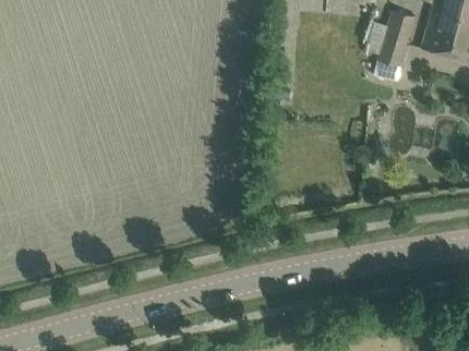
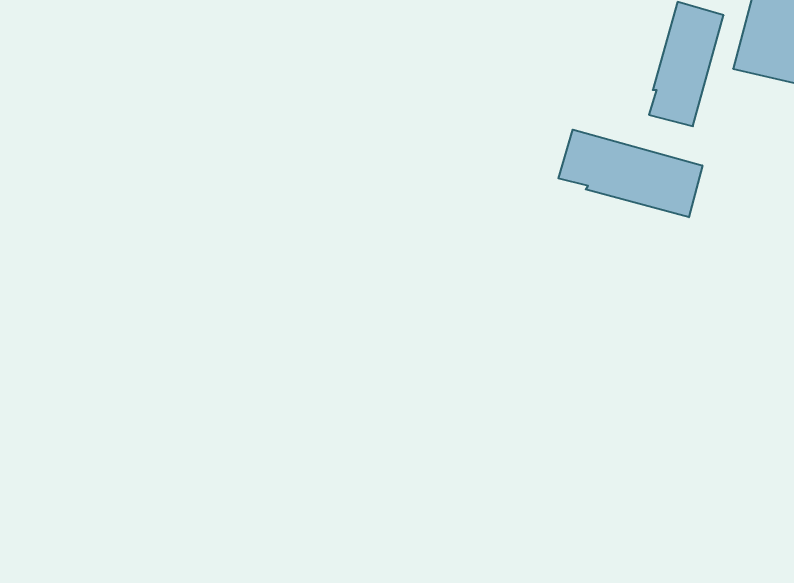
building: none -> [558,130,702,217]

